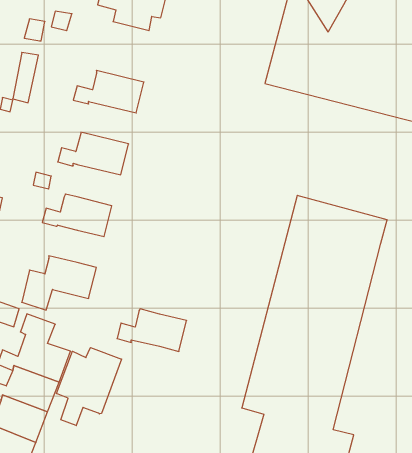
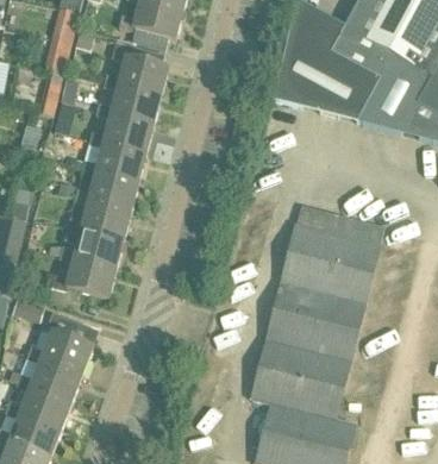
building: none -> [104,39,168,96]
building: none -> [89,114,154,153]
building: none -> [74,171,139,211]
building: [117,309,187,351] -> [60,228,124,268]
building: [57,348,122,426] -> none

